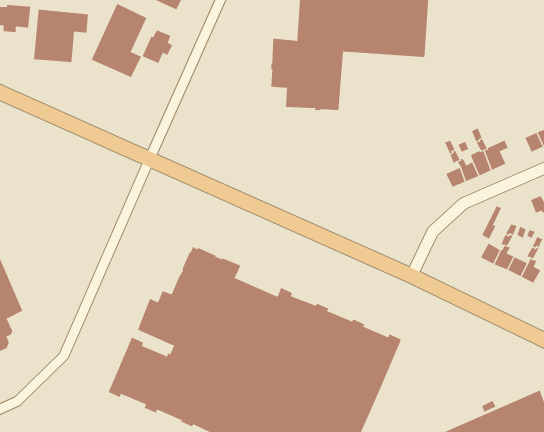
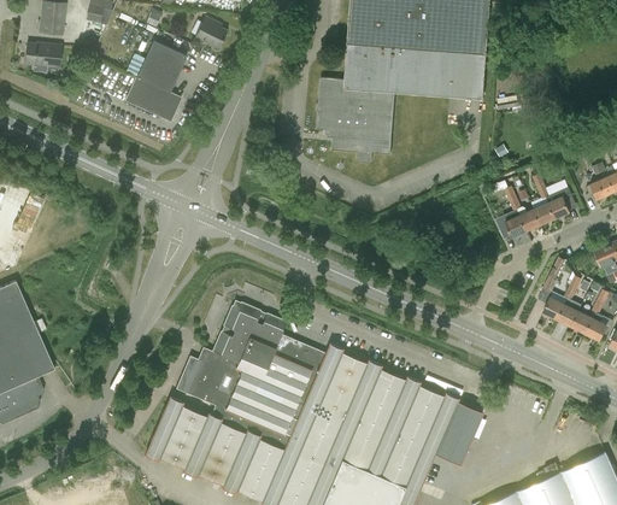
building: [34,9,88,63] -> none
building: [142,29,173,64] -> none
building: none -> [435,401,483,465]

